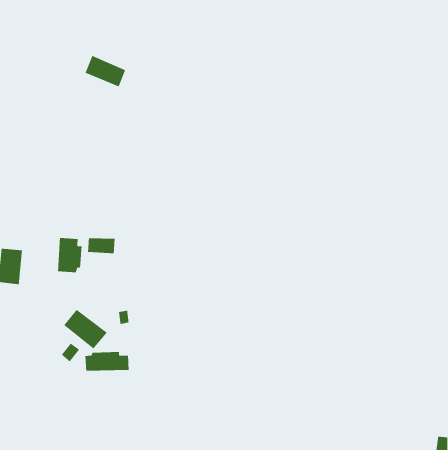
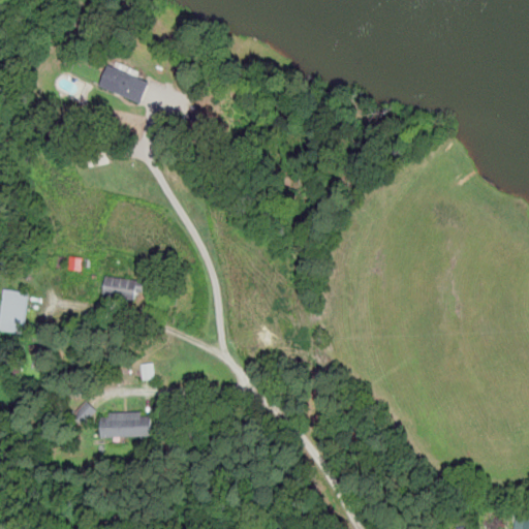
building: [57,237,83,273] -> none
building: [63,309,108,350] -> none

